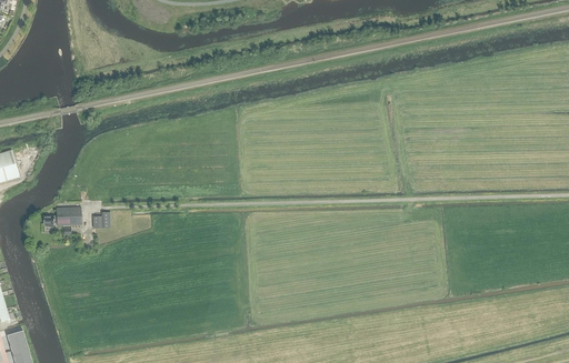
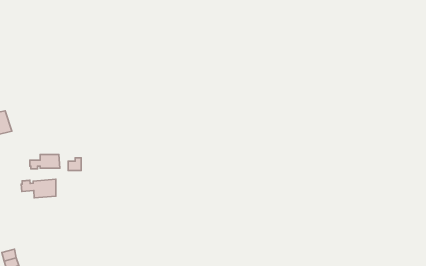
building: none -> [21,179,56,198]

